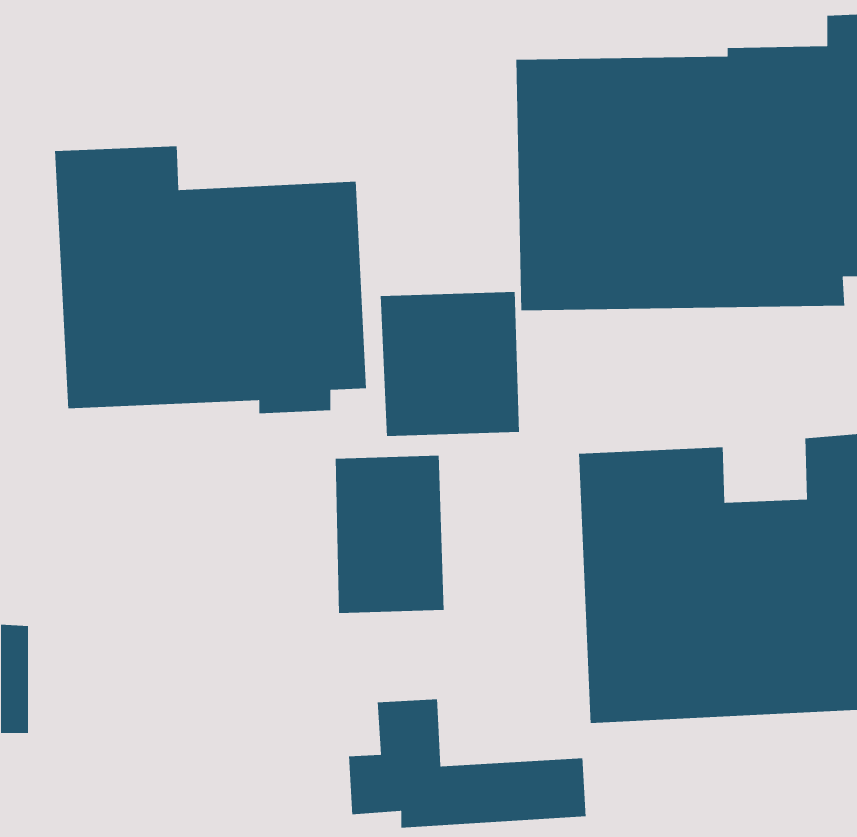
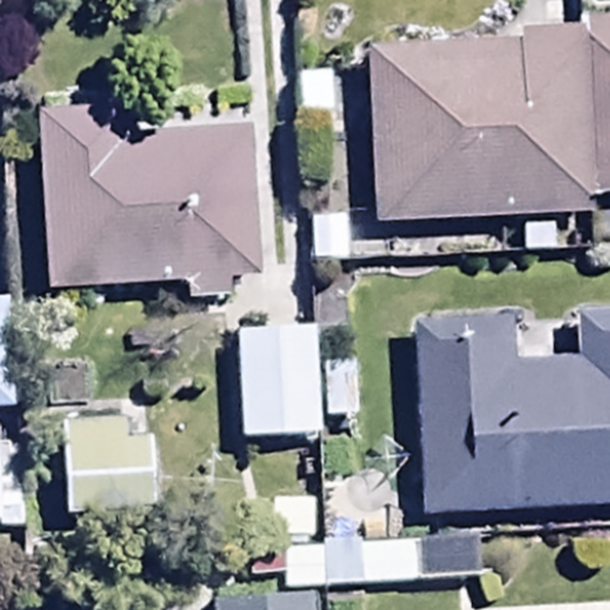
building: [380,291,520,437] -> none
building: none -> [66,407,155,510]

